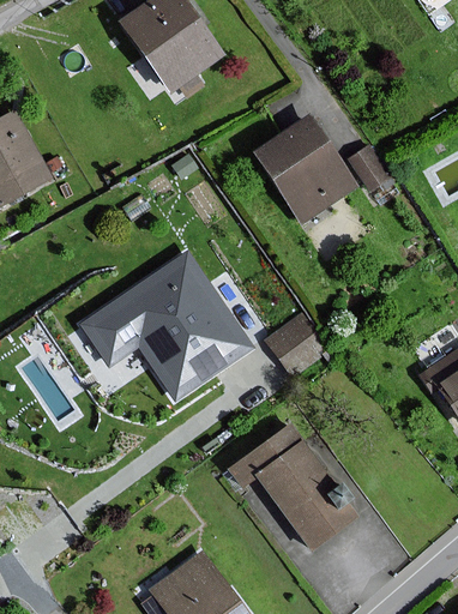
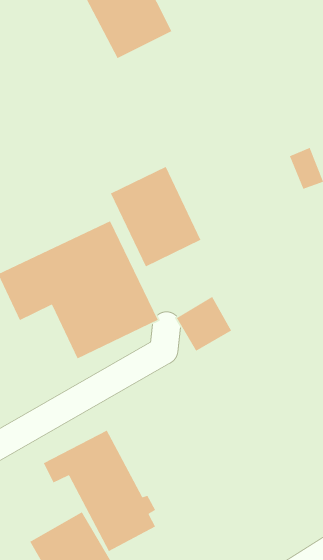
building: [255,116,355,222] -> [110,166,202,268]
building: [230,426,354,549] -> [43,429,156,552]

